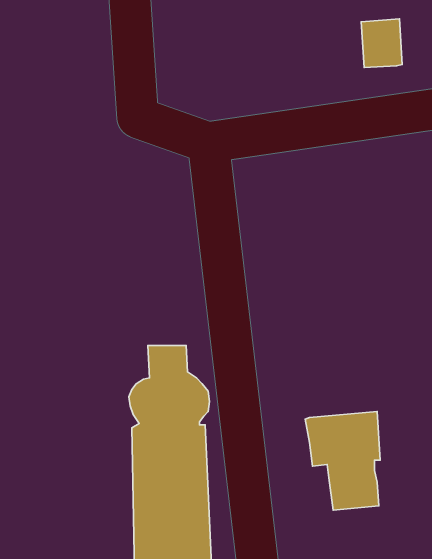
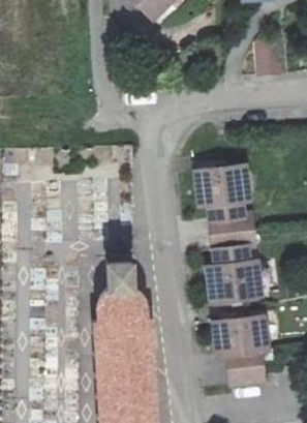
building: none -> [205,161,265,300]

